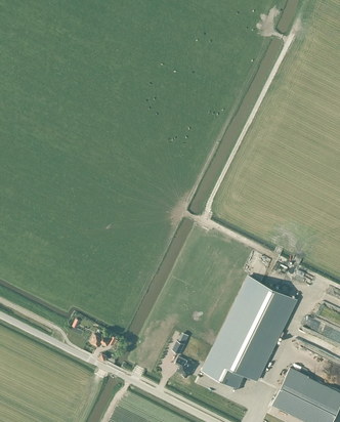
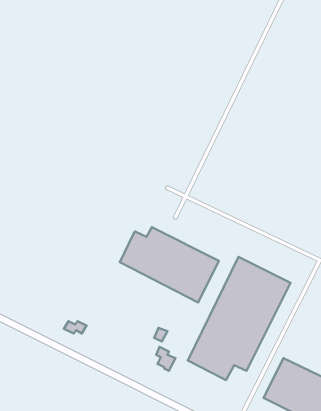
building: none -> [120,227,219,302]

